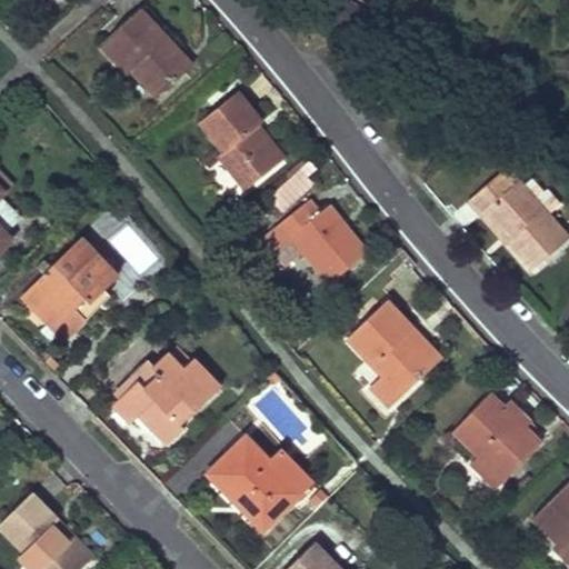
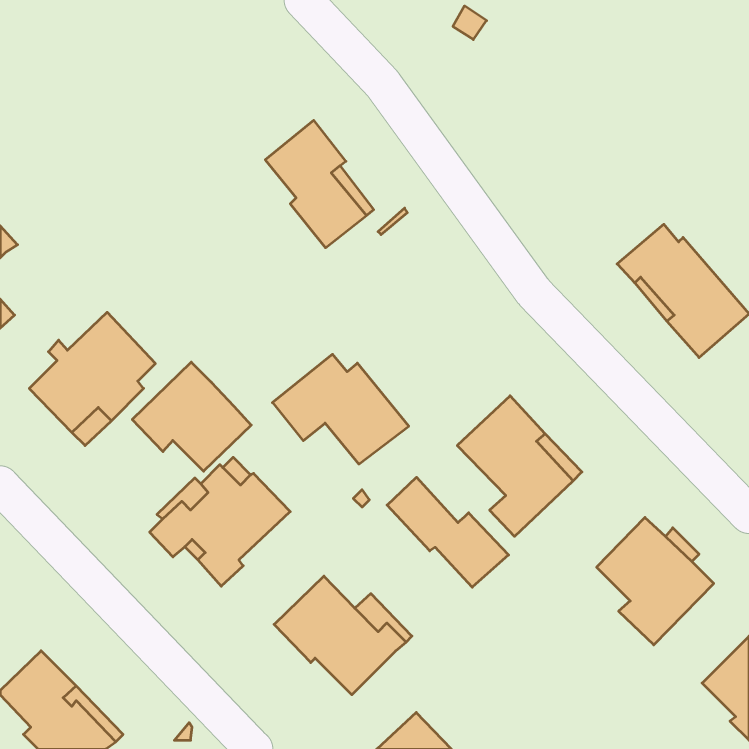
building: [102,9,192,97] -> none
building: [263,199,367,282] -> [272,354,409,464]
building: none -> [132,362,251,471]
building: none -> [387,477,509,587]

